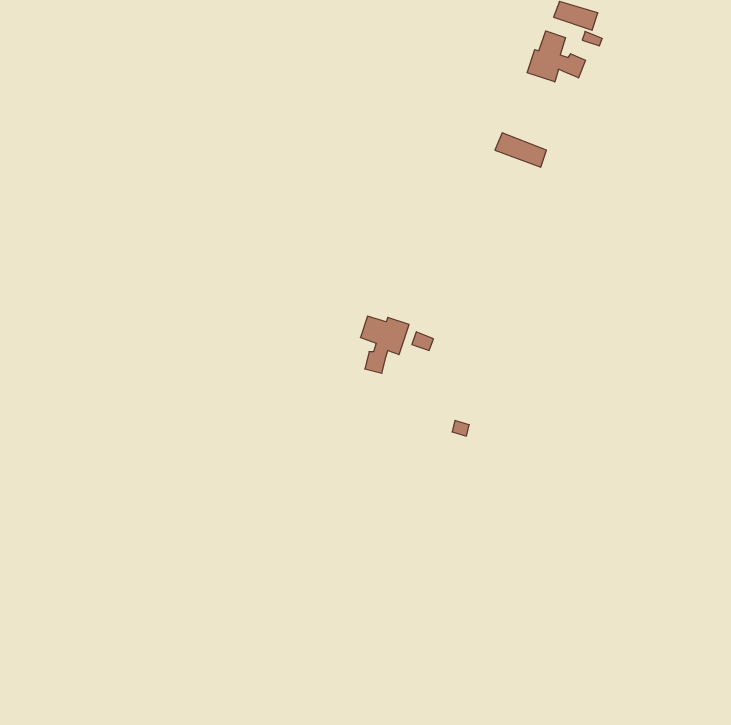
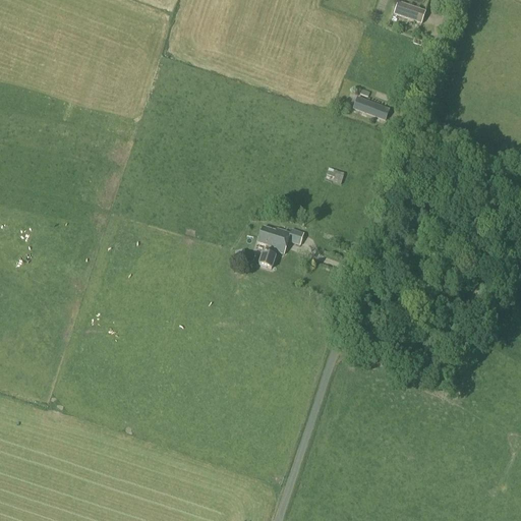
building: [527,31,586,82] -> none

